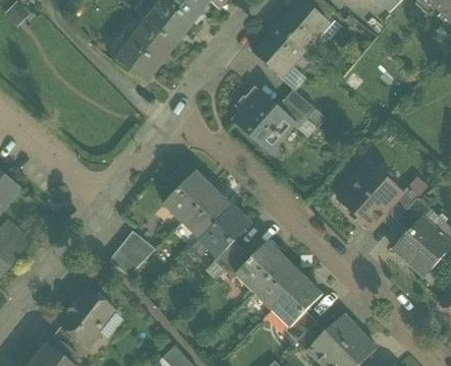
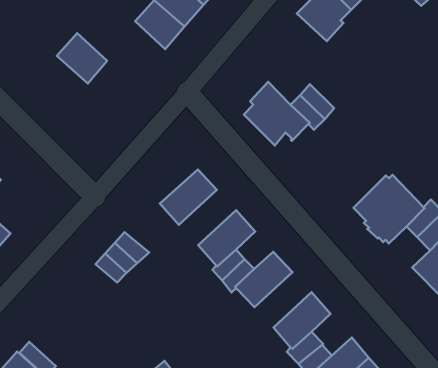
building: [253,25,305,74] -> none
building: [114,41,160,85] -> [57,33,107,84]
building: [181,188,232,239] -> none
building: [253,258,304,309] -> none
building: [57,289,113,346] -> none

